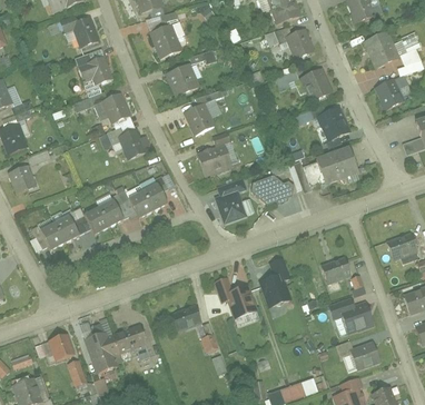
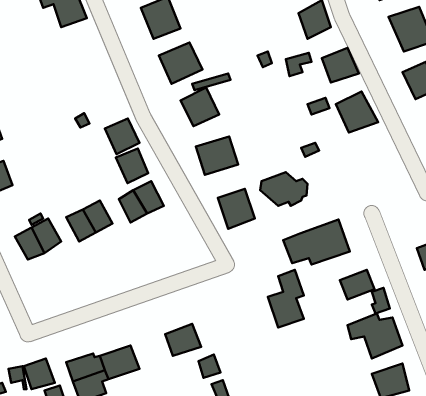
building: [77,53,113,85] -> none
building: [102,91,130,121] -> [116,149,148,183]
building: [300,148,358,187] -> [283,220,350,264]
building: [212,276,256,319] -> none

